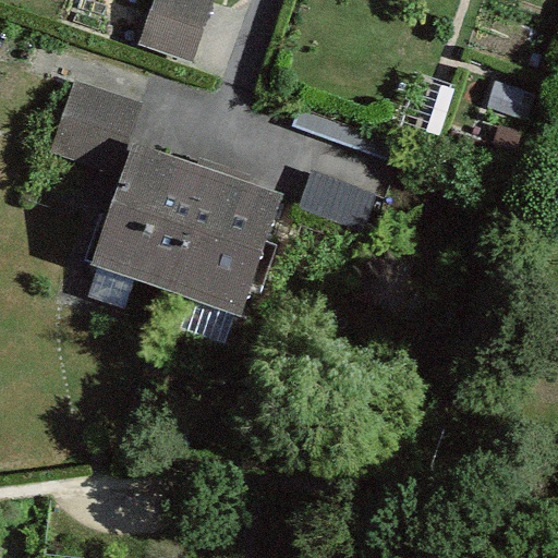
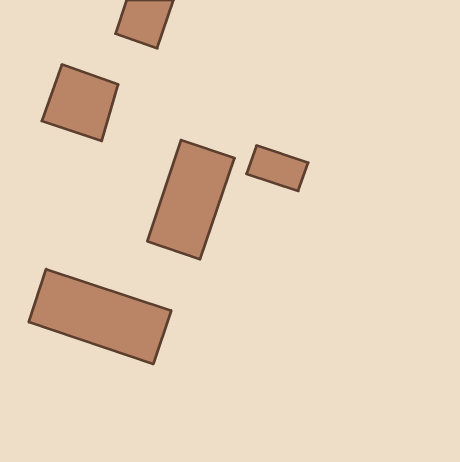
building: [109,149,217,292] -> none
building: none -> [29,269,171,364]

